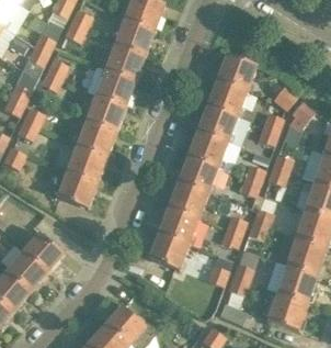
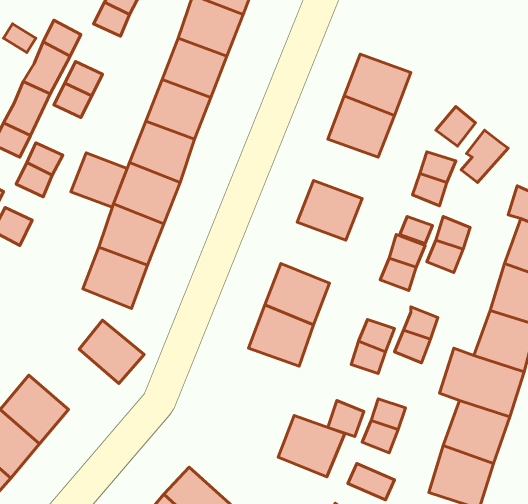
building: [198,104,238,141] -> none
building: none -> [71,153,127,207]
building: [179,155,218,192] -> none
building: [25,231,65,269] -> [79,320,144,383]
building: [149,232,190,269] -> [278,416,345,477]

